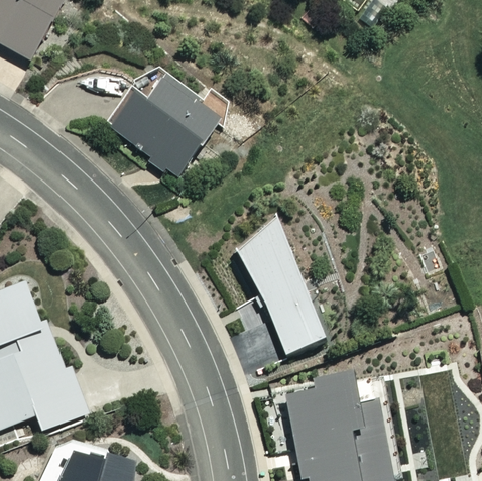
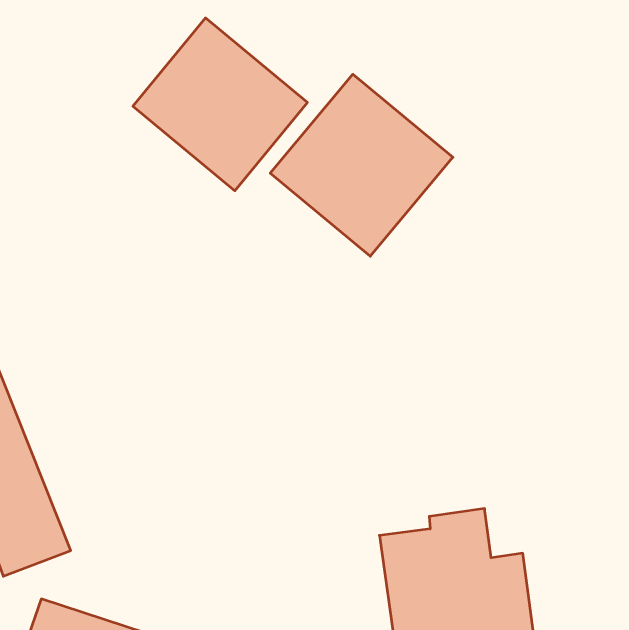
building: none -> [270,74,453,256]
building: [240,235,329,362] -> none

